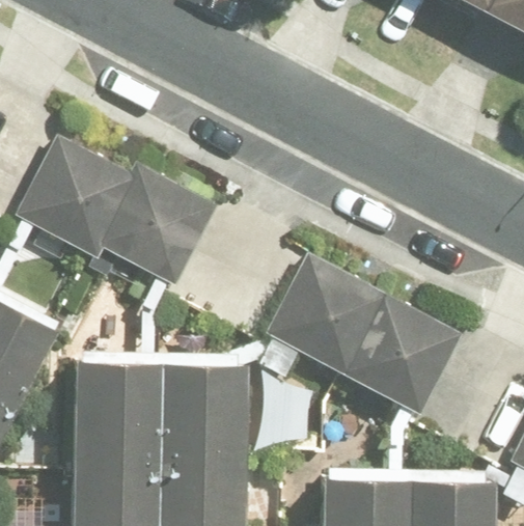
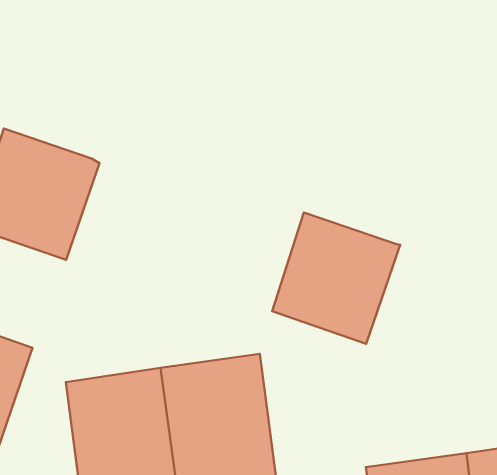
building: [100,166,215,286] -> none
building: [342,292,459,412] -> none

